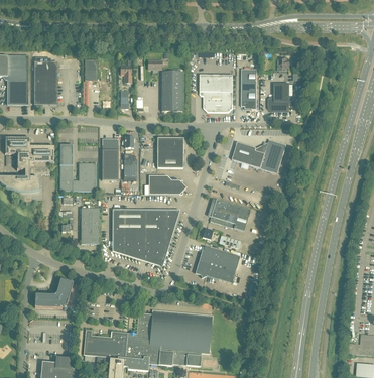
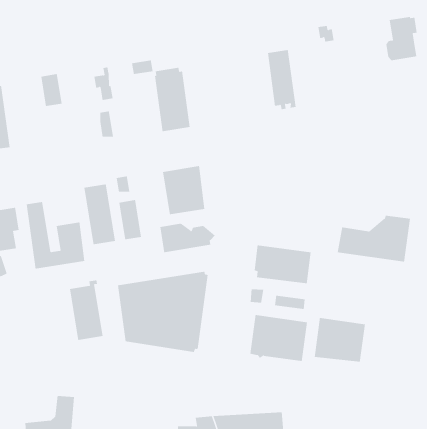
building: [199,74,232,111] -> none
building: [268,82,291,110] -> [385,16,418,61]
building: [231,138,285,172] -> [337,215,411,262]
building: none -> [314,317,366,362]

